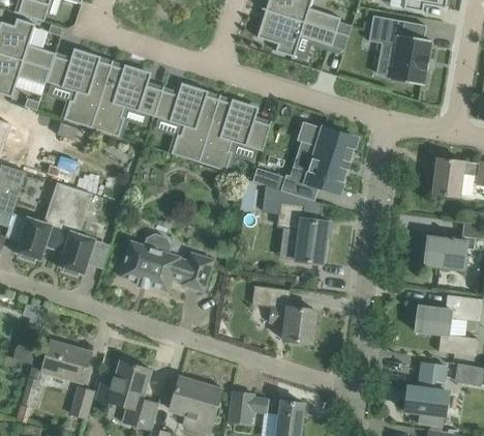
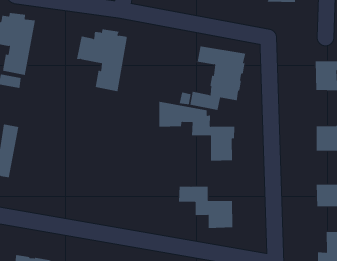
building: [90,60,163,137] -> none
building: [198,94,271,171] -> none
building: [55,188,94,275] -> none
building: [120,234,213,291] -> none

